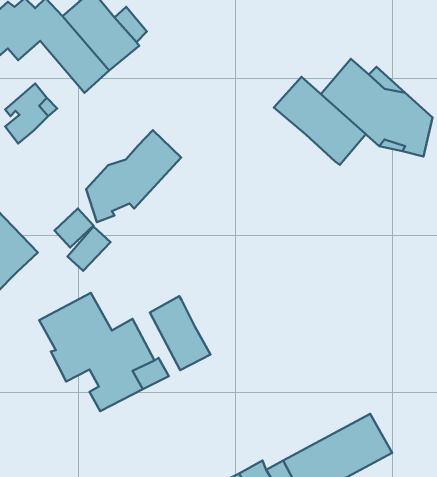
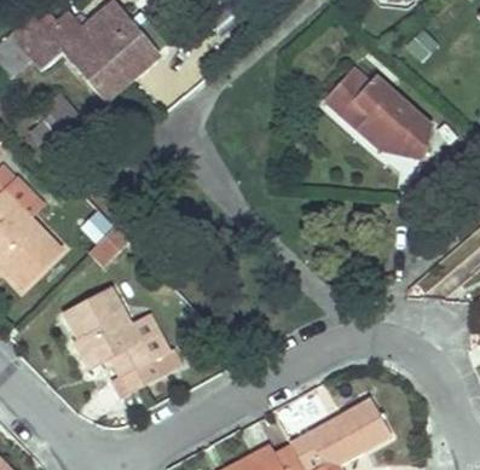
building: [274,77,366,165] -> none
building: [86,130,181,222] -> none
building: [150,296,211,370] -> none

